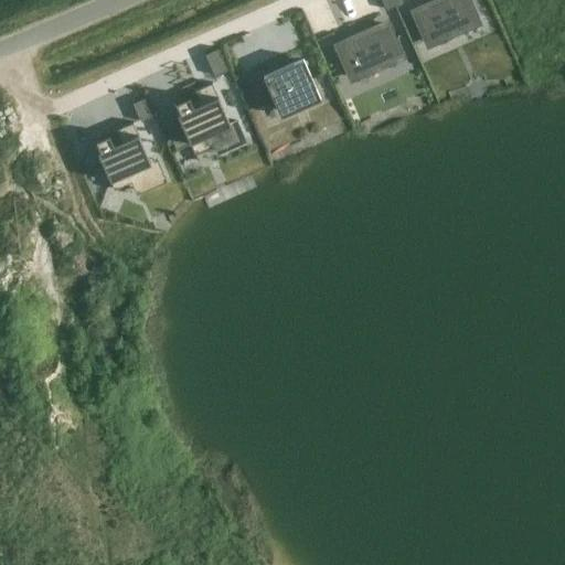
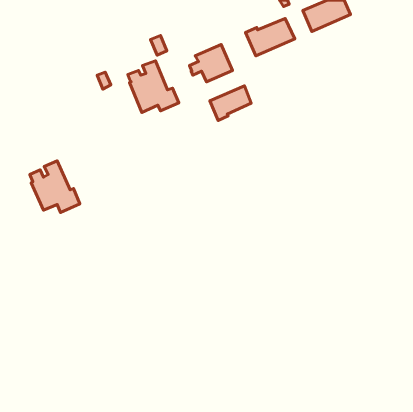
building: none -> [210,86,251,120]
building: [96,124,164,194] -> [30,161,80,213]

